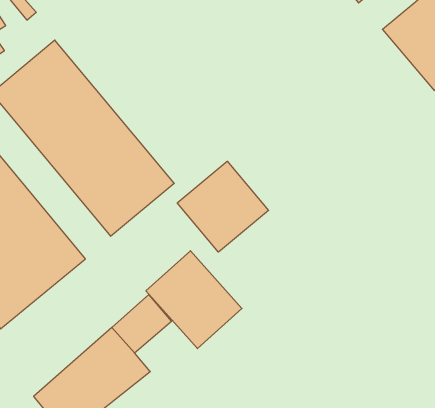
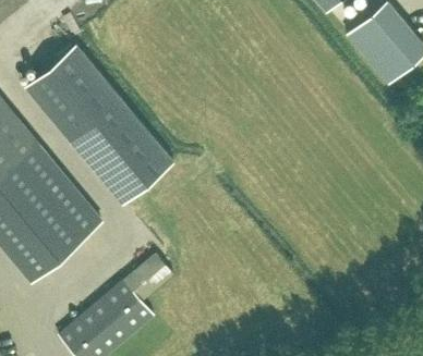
building: [177,161,269,252] -> none
building: [146,251,242,349] -> none

